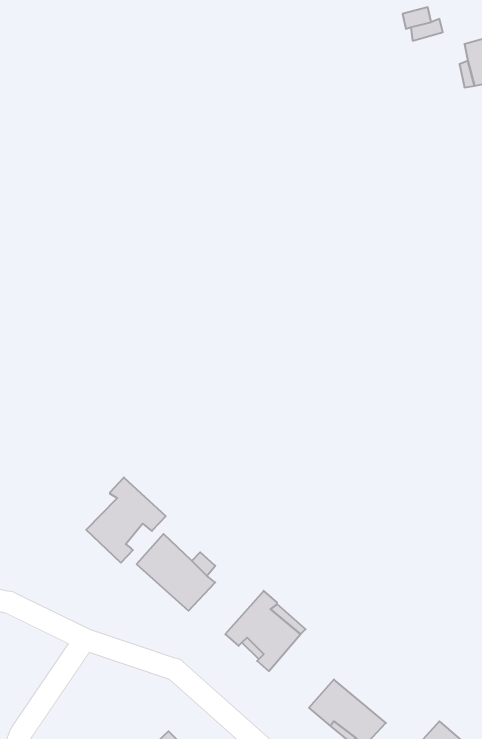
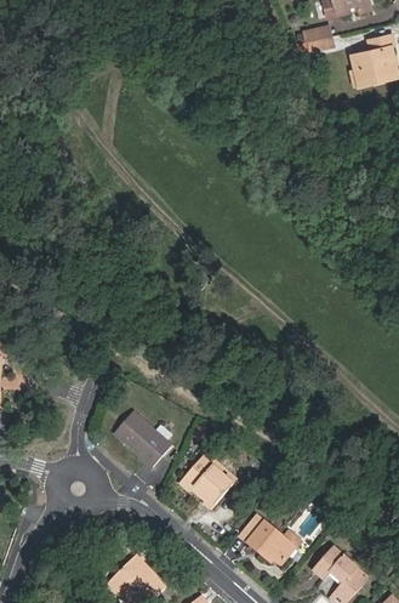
building: [86,477,166,563] -> none

